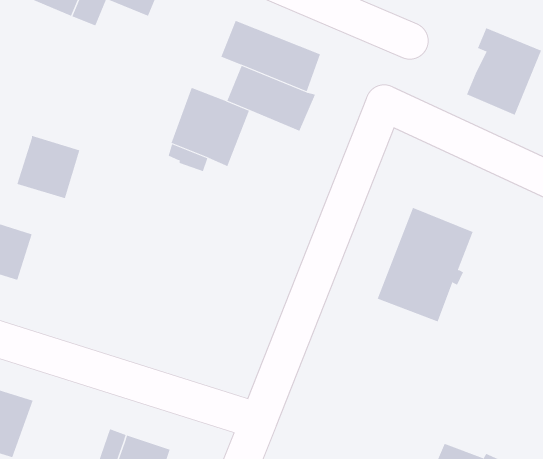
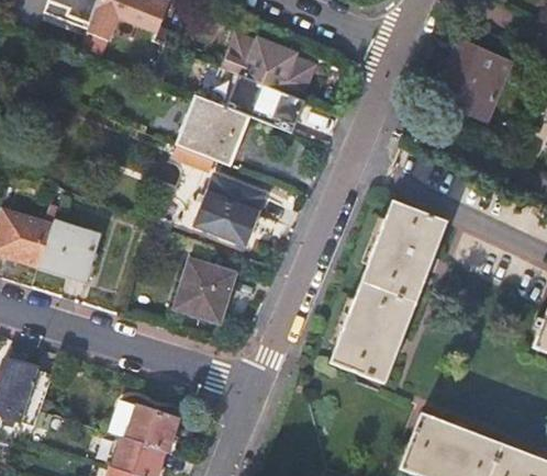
building: [17,135,80,199] -> [40,223,97,280]
building: none -> [193,173,264,245]
building: none -> [174,259,232,321]
building: none -> [332,283,417,383]

